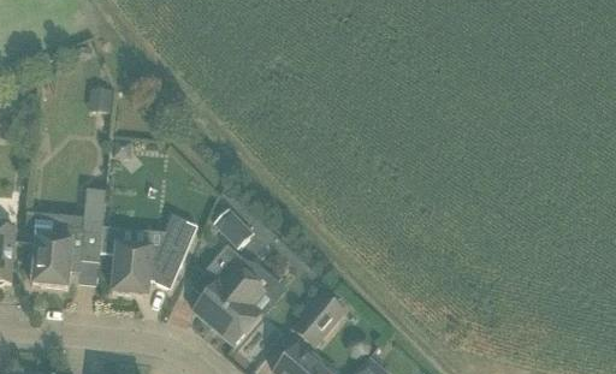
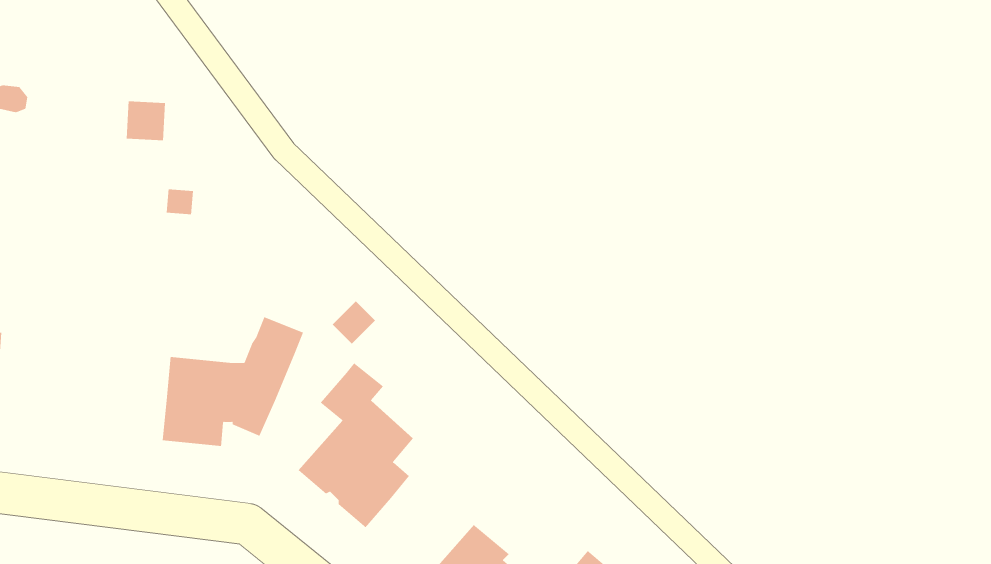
building: [31,189,105,286] -> none
building: [291,291,344,345] -> none

